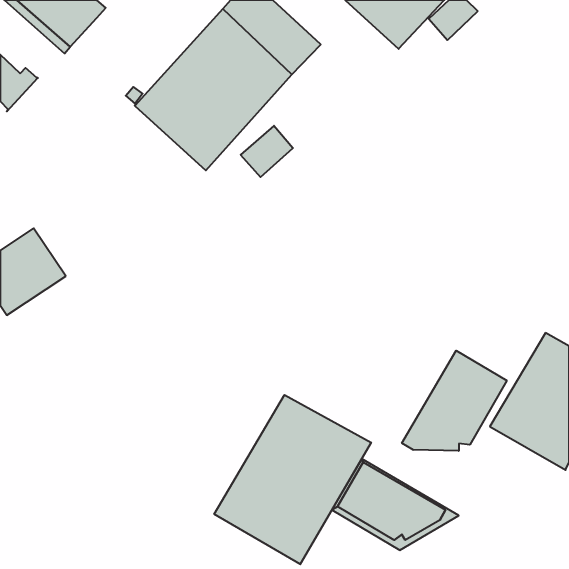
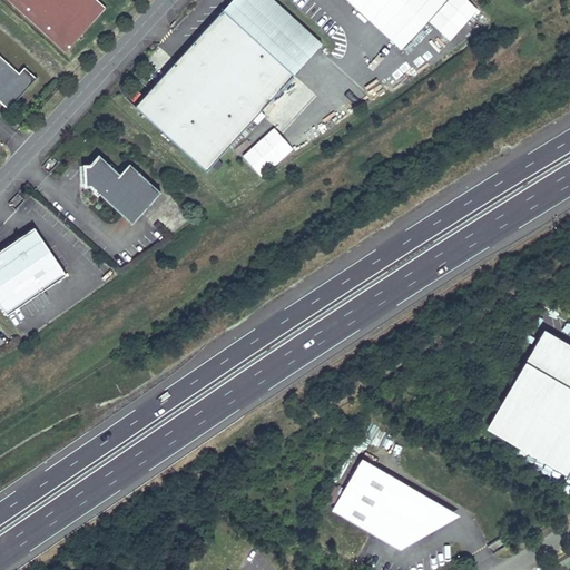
building: none -> [85,156,161,225]
building: [402,351,507,451] -> none
building: [214,395,371,564] -> none

